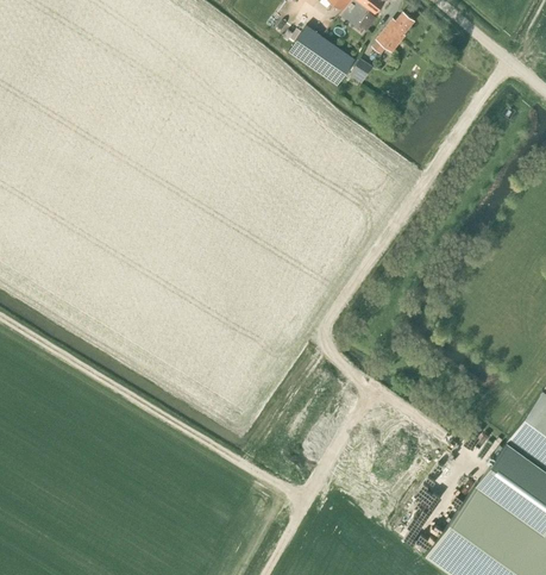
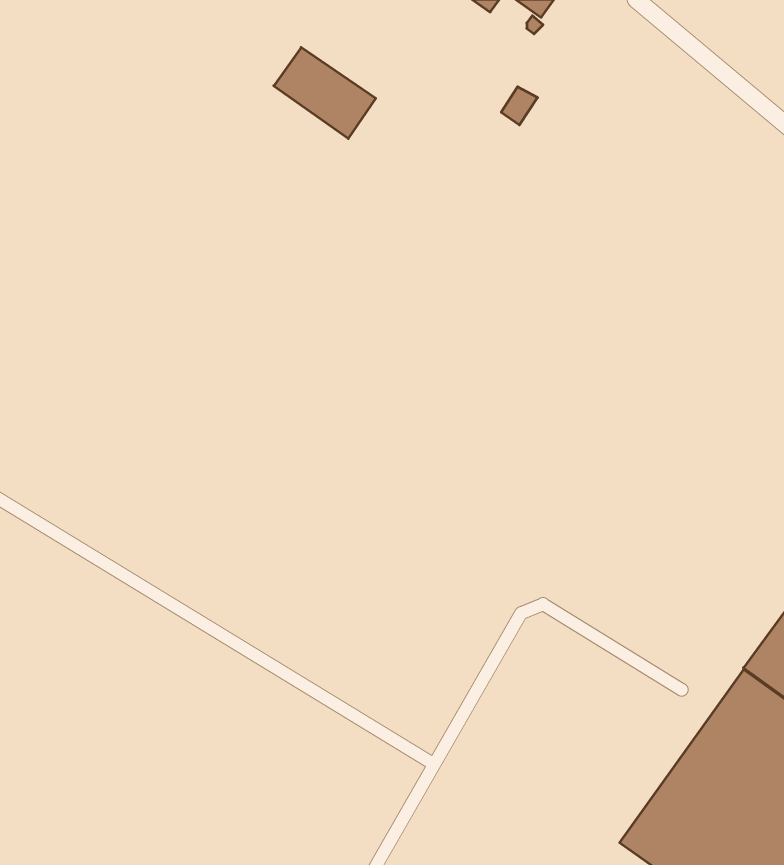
building: [375,13,416,55] -> none
building: [291,27,358,87] -> [274,47,376,139]

